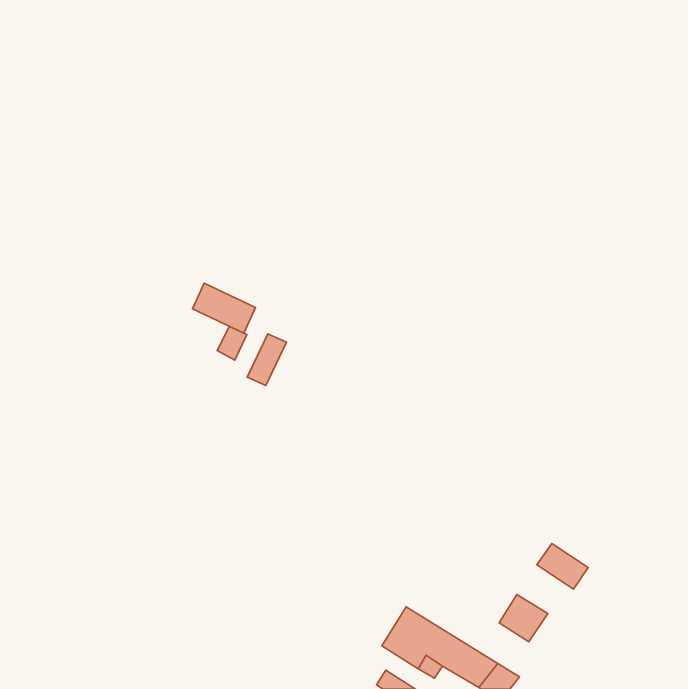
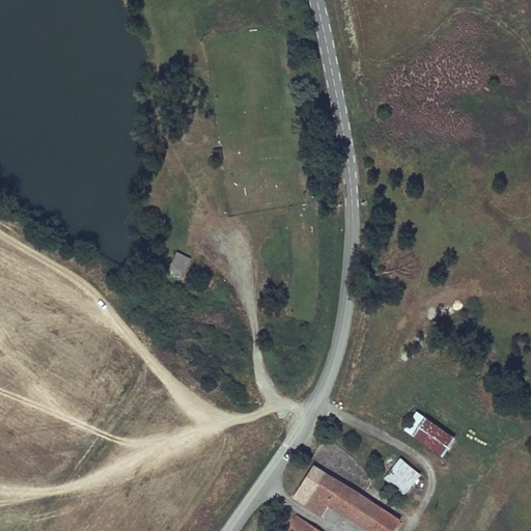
building: [193,283,255,333] -> none
building: [247,334,287,386] -> none

